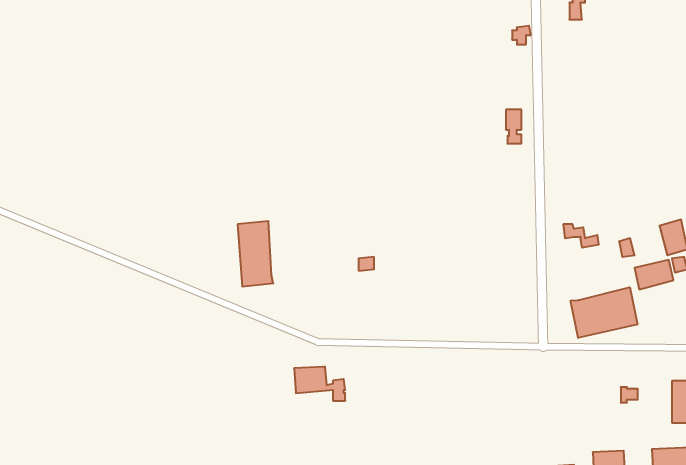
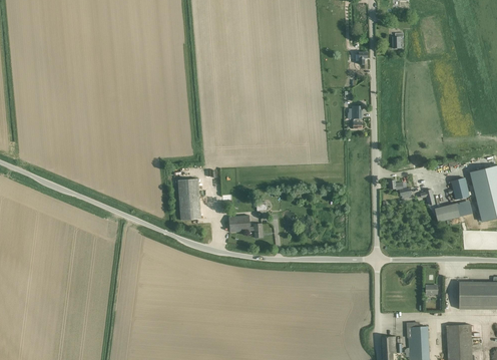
building: [571,287,637,338] -> none
building: [294,367,345,401] -> [229,216,263,238]

